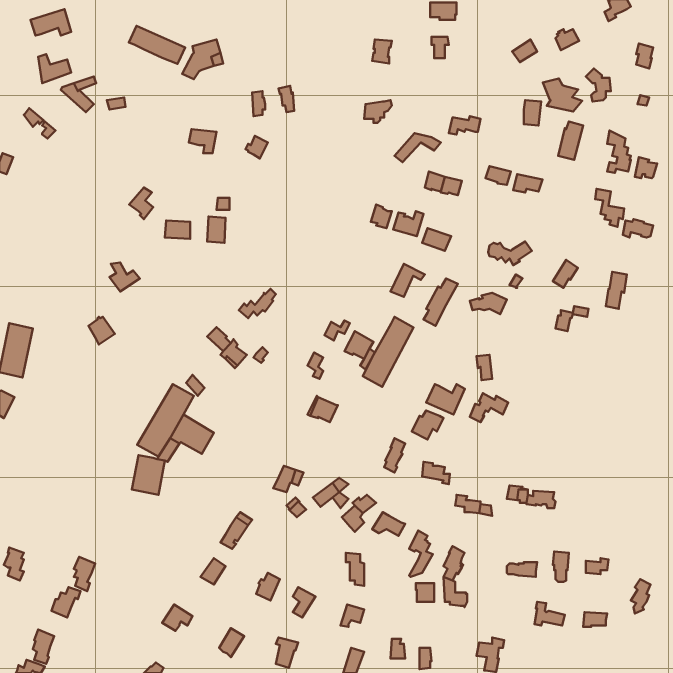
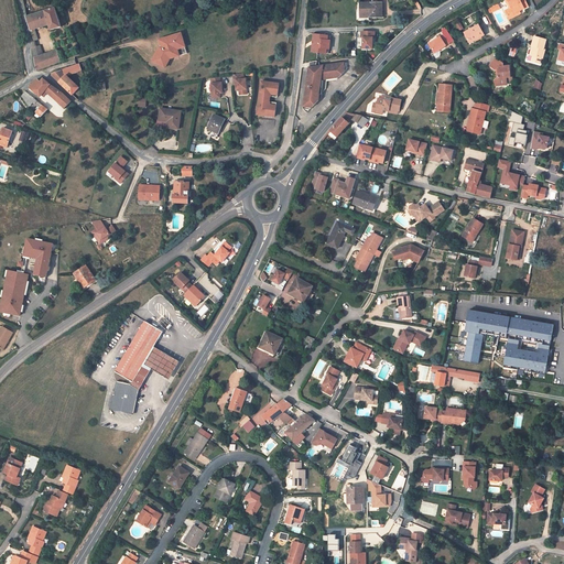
building: [129,26,185,64] -> none
building: none -> [305,59,344,87]
building: [543,78,582,112] -> none
building: none -> [29,77,70,108]
building: none -> [257,79,278,116]
building: none -> [463,159,492,197]
building: none -> [23,238,52,279]
building: [363,317,414,387] -> none
building: none -> [463,310,553,373]
building: [426,384,465,414] -> none
building: none -> [434,366,479,386]

